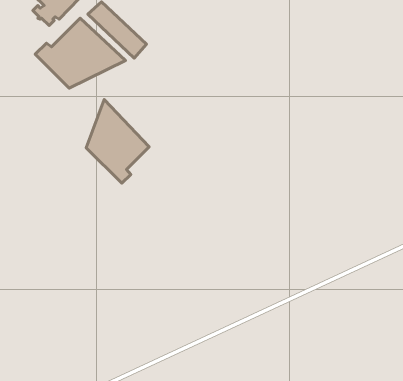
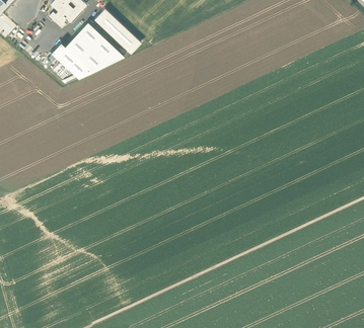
building: [86,100,149,183] -> none

